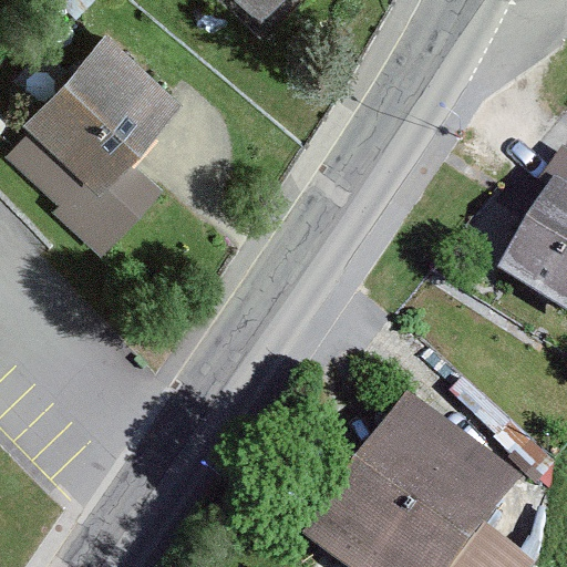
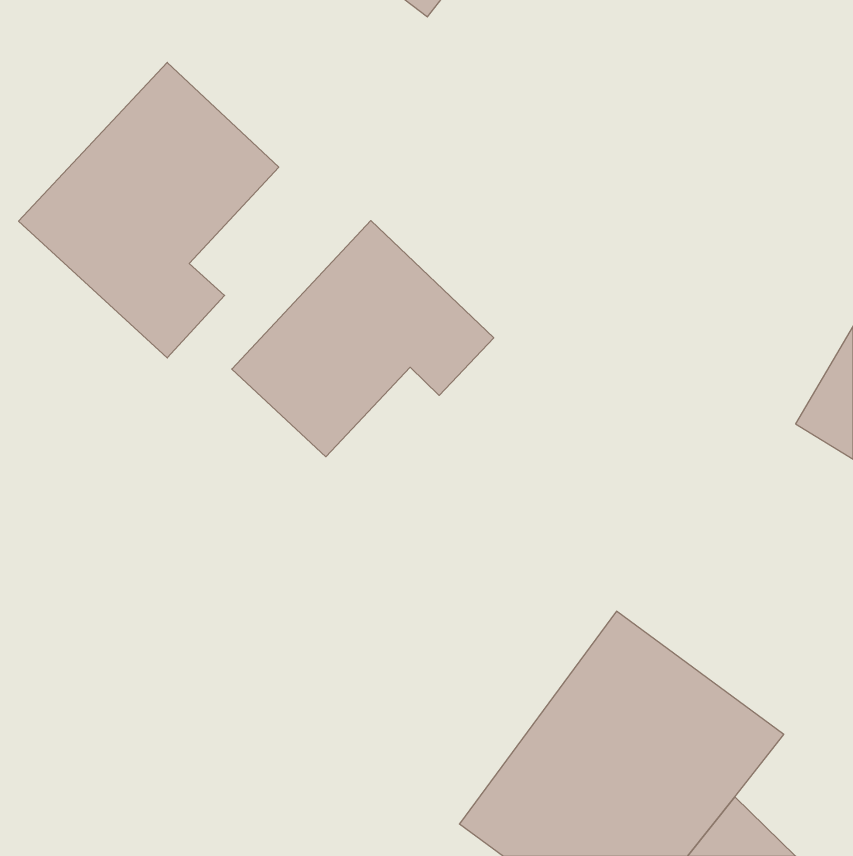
building: none -> [232,221,494,457]

